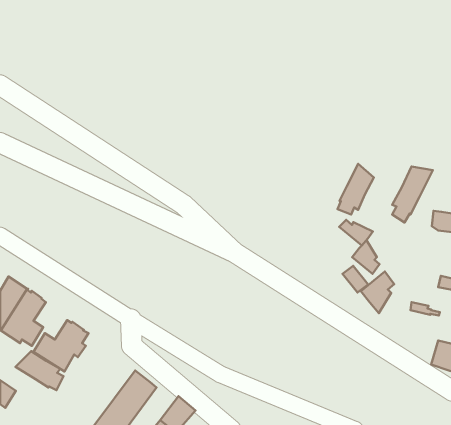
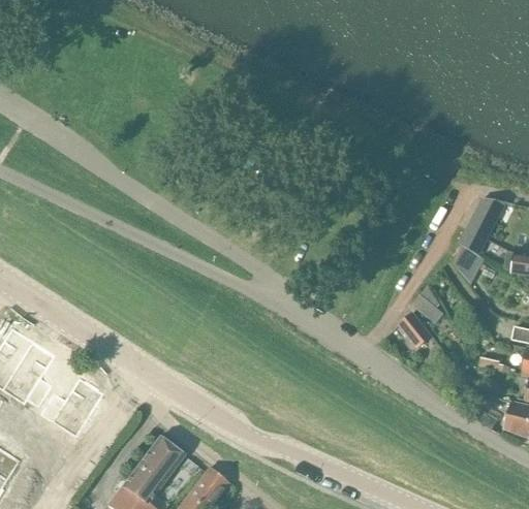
building: [338,164,374,214] -> none
building: [339,220,373,245] -> none
building: [361,272,394,313] -> none
building: [15,351,64,390] -> none

